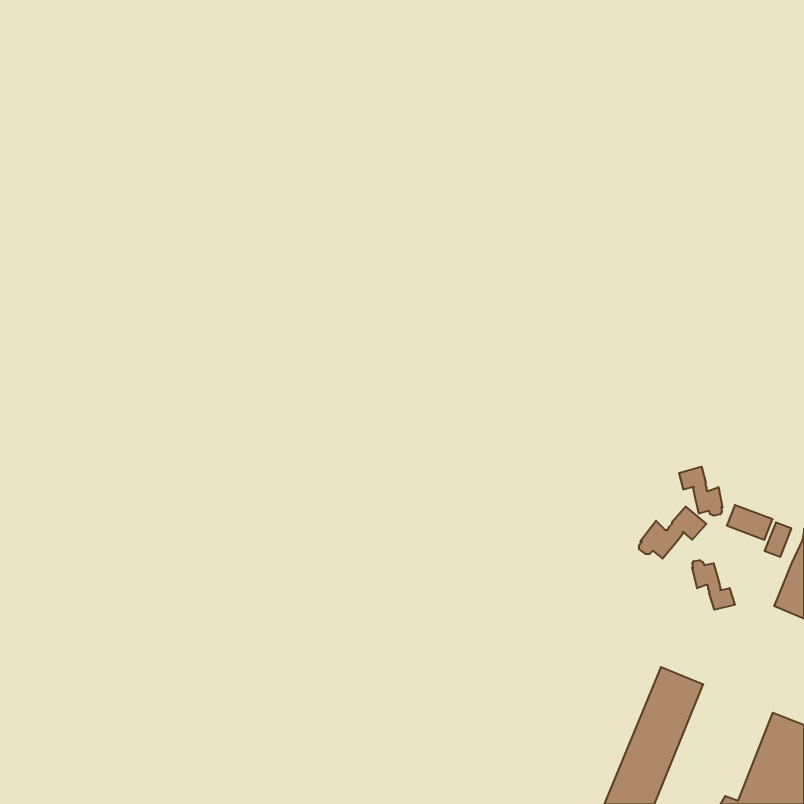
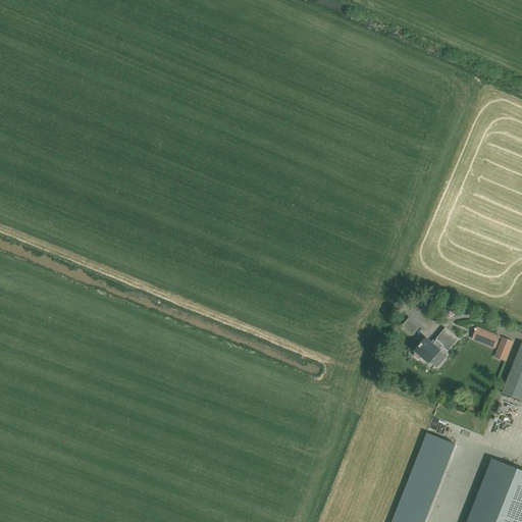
building: [679,467,722,516] -> none
building: [692,560,735,610] -> none

